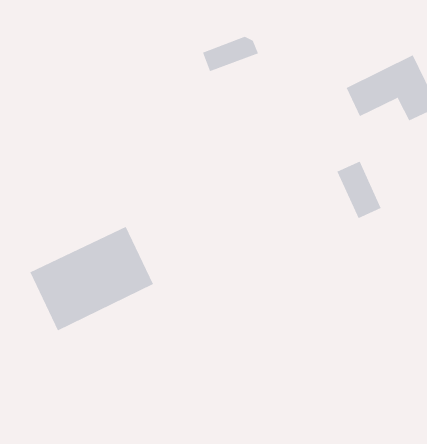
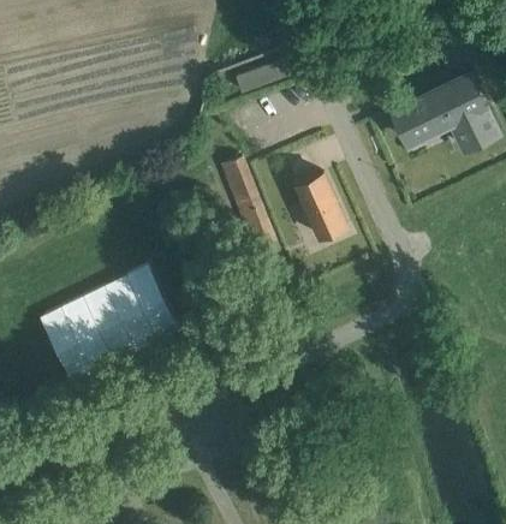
building: none -> [221,157,280,260]
building: [337,161,382,219] -> [297,173,347,238]

